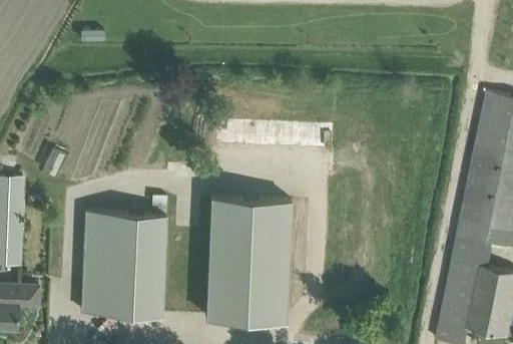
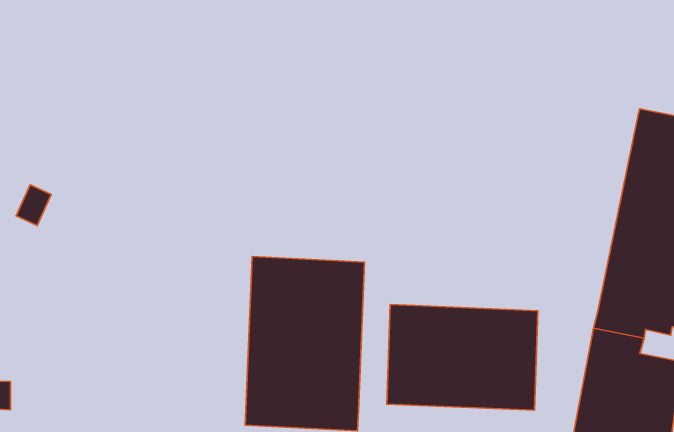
building: [81,199,166,319] -> none
building: none -> [387,305,538,410]

